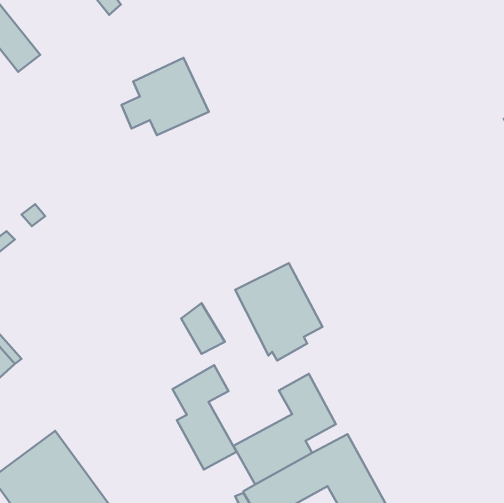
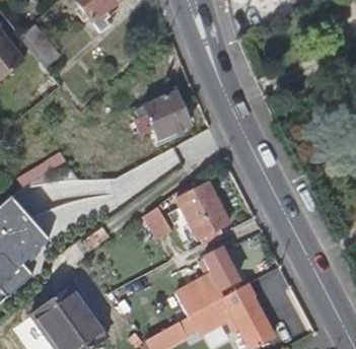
building: [121,58,209,135] -> [138,91,191,138]
building: [172,365,237,469] -> none

